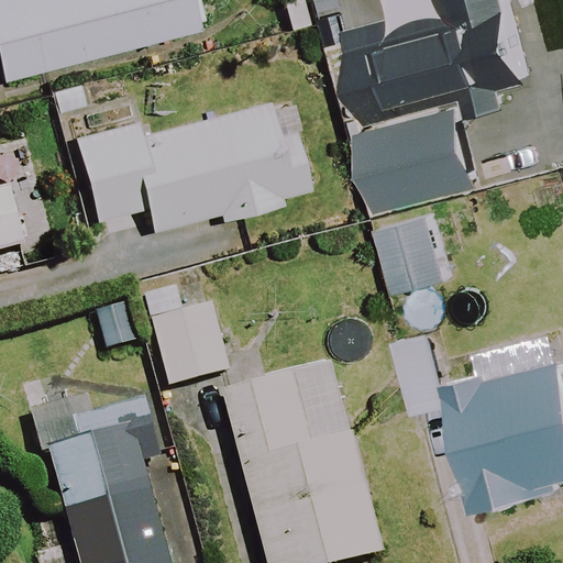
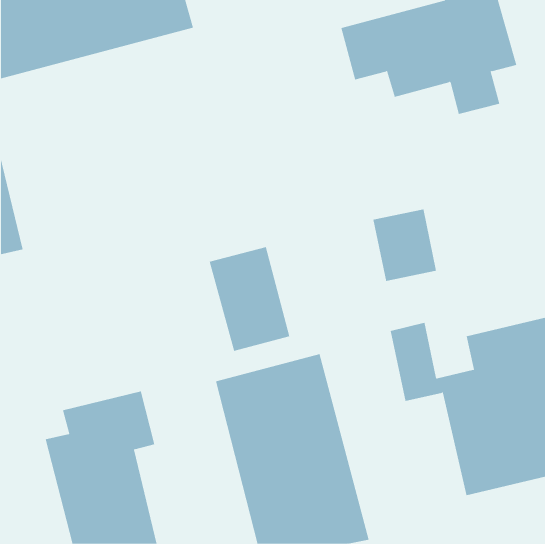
building: [71,100,311,232] -> none
building: [365,114,481,205] -> none
building: [144,280,228,388] -> [209,247,290,352]

